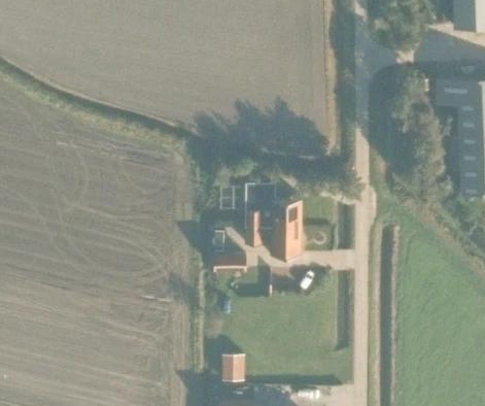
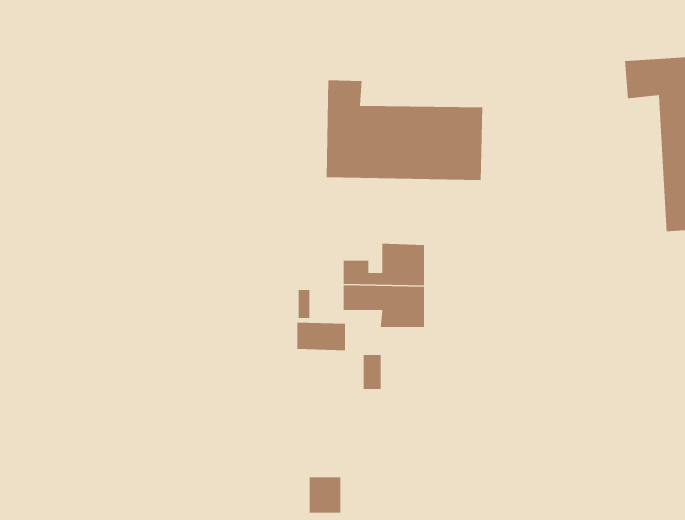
building: none -> [326,79,483,181]

